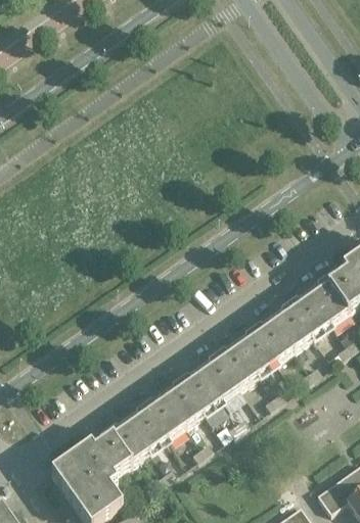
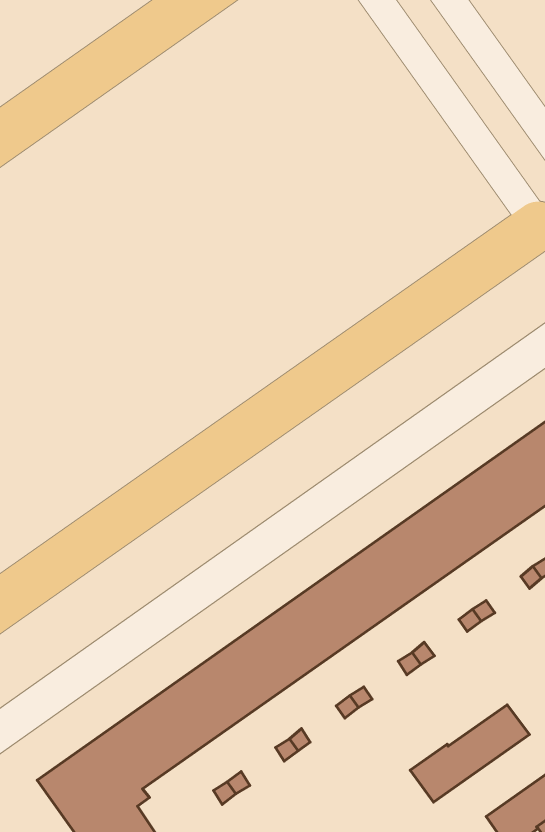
building: none -> [410,705,530,802]

